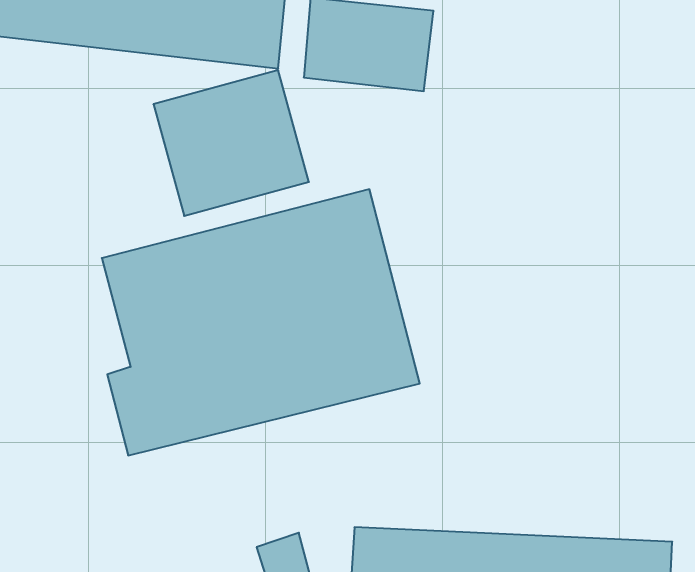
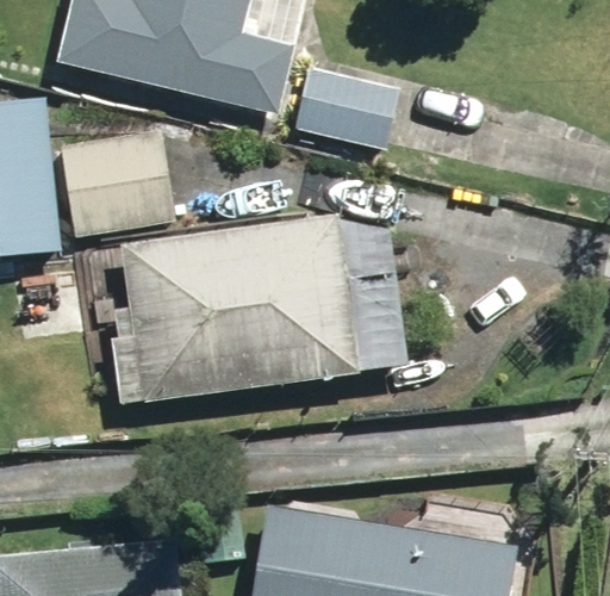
building: [153,70,309,216] -> [60,134,174,238]

